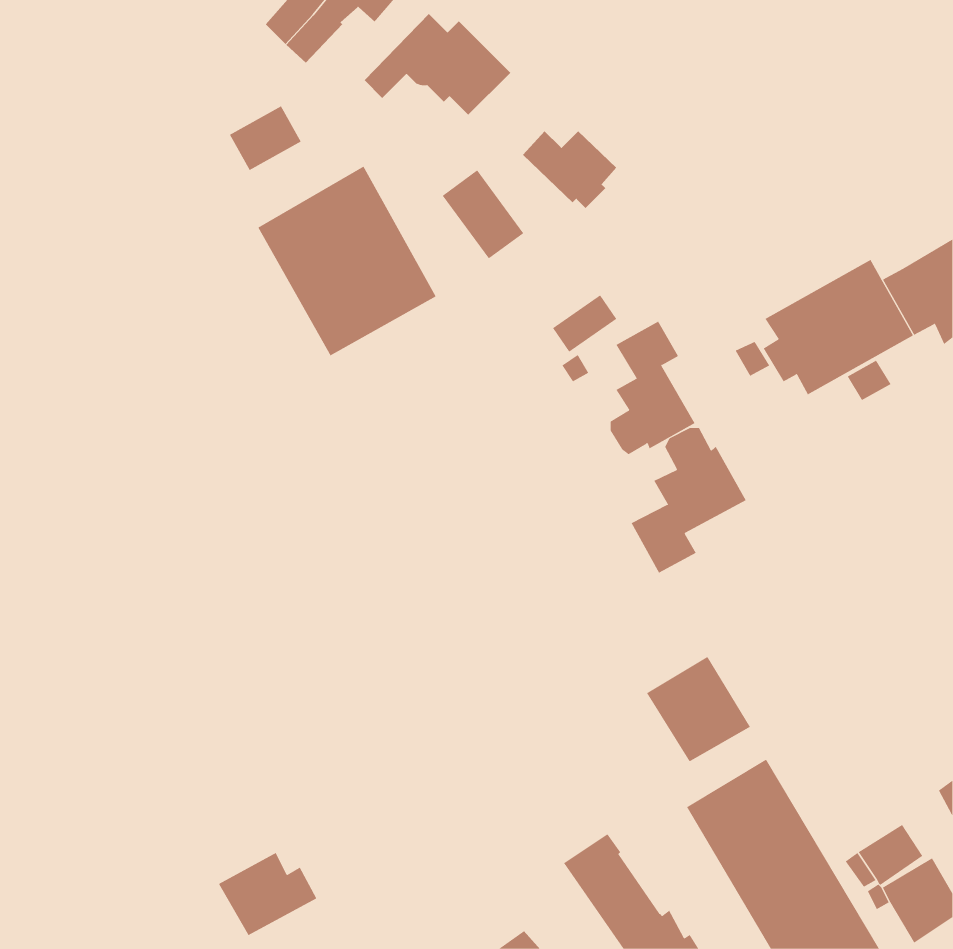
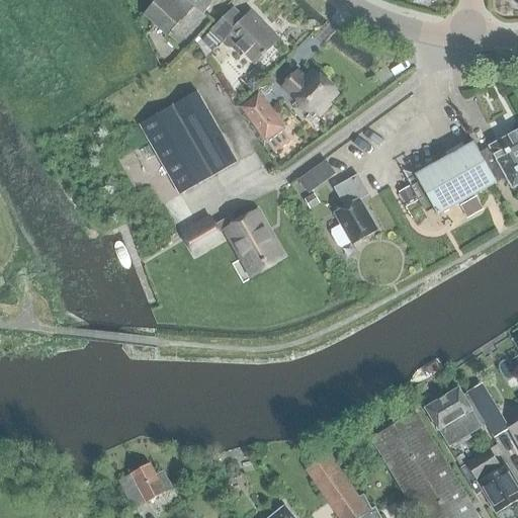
building: [229,105,301,171] -> none
building: none -> [182,210,280,270]
building: [631,427,747,573] -> none
building: [646,656,751,762] -> [425,387,482,445]
building: none -> [467,383,507,434]

